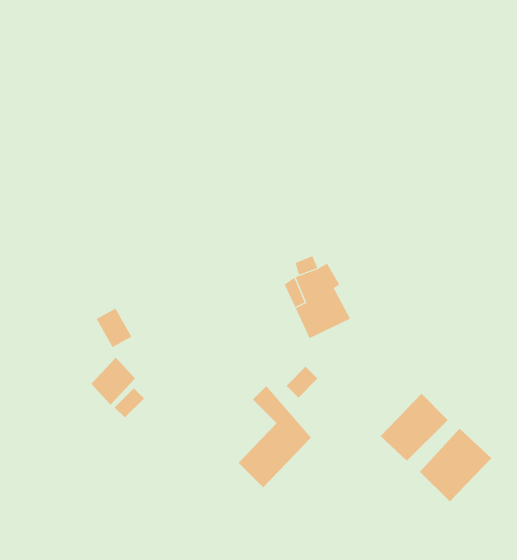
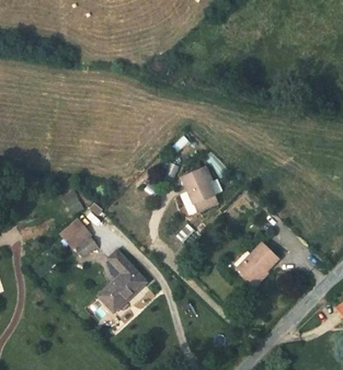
building: [238,385,312,488] -> [99,250,144,312]
building: [419,428,492,502] -> none

